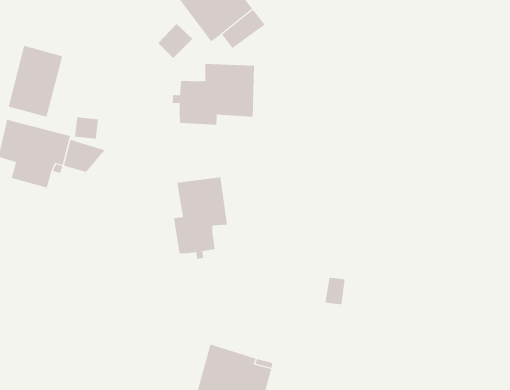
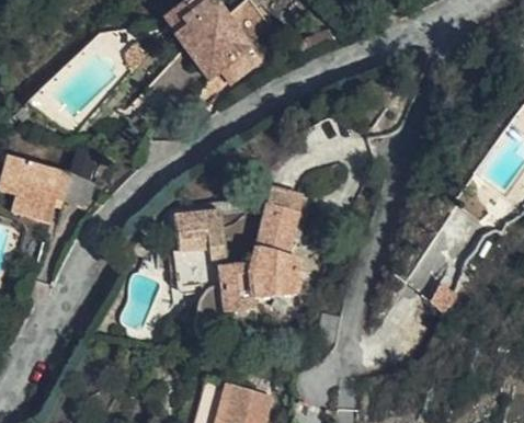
building: [8,45,63,117] -> none
building: [172,63,255,126] -> none
building: none -> [219,187,303,312]

